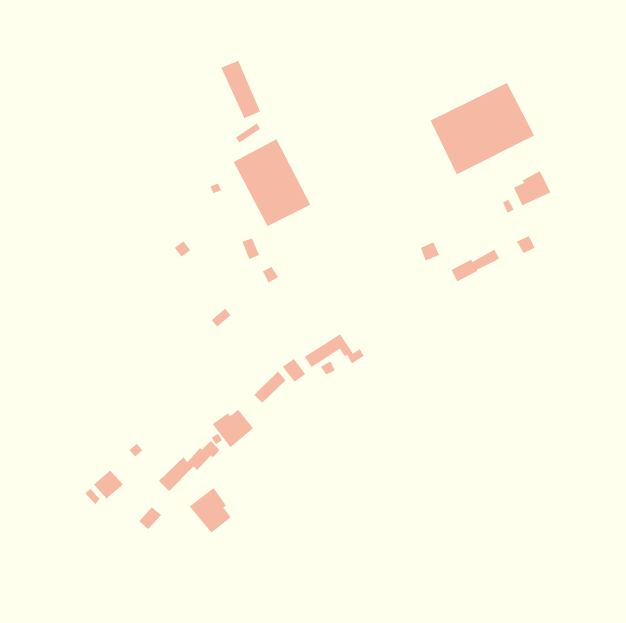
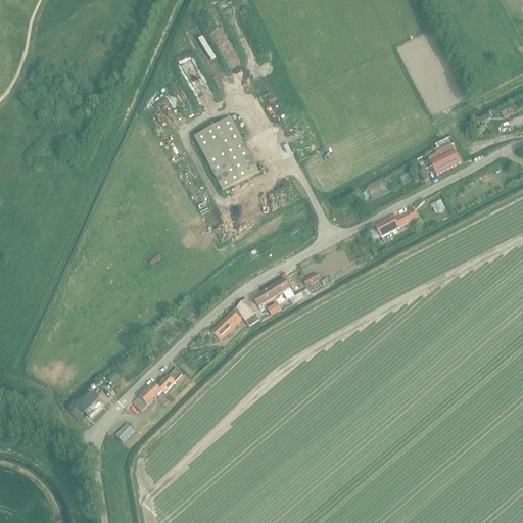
building: [430,82,535,175] -> none
building: [212,409,254,448] -> none
building: [189,487,231,533] -> none

